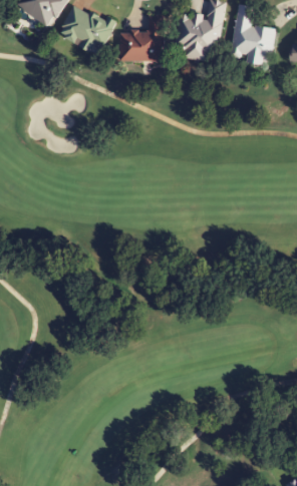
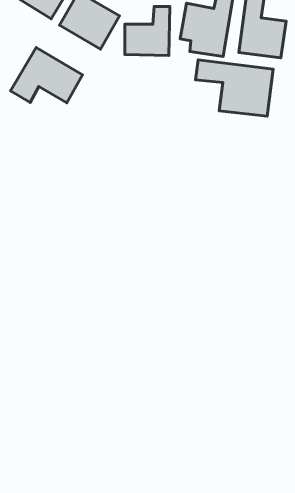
building: none -> [10,47,82,103]
building: none -> [196,60,273,116]

